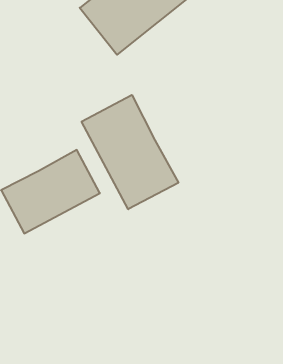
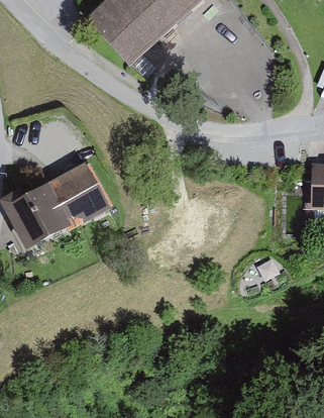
building: [82,95,178,209] -> none

